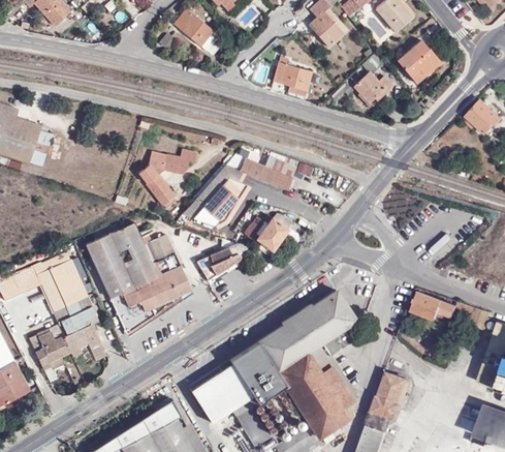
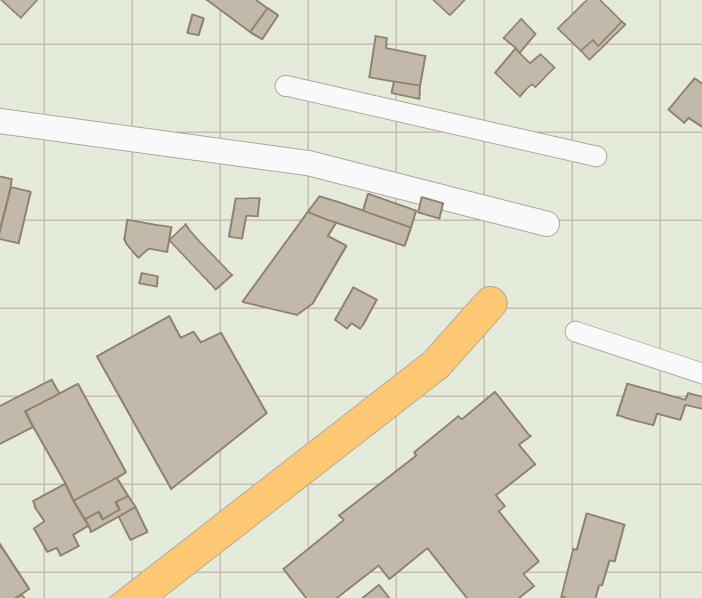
building: [148,152,179,177] -> [124,220,172,258]
building: [255,217,287,251] -> none
building: [193,245,241,280] -> none

